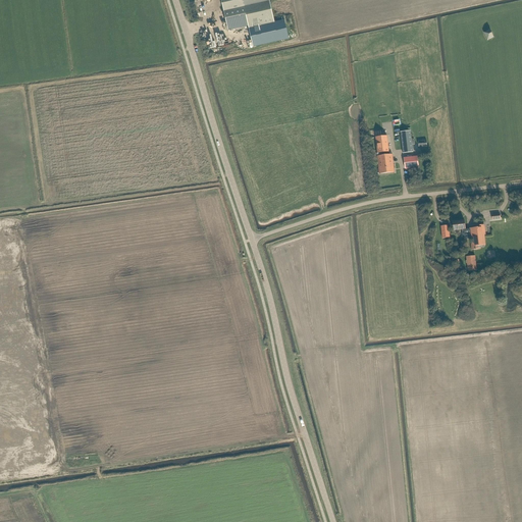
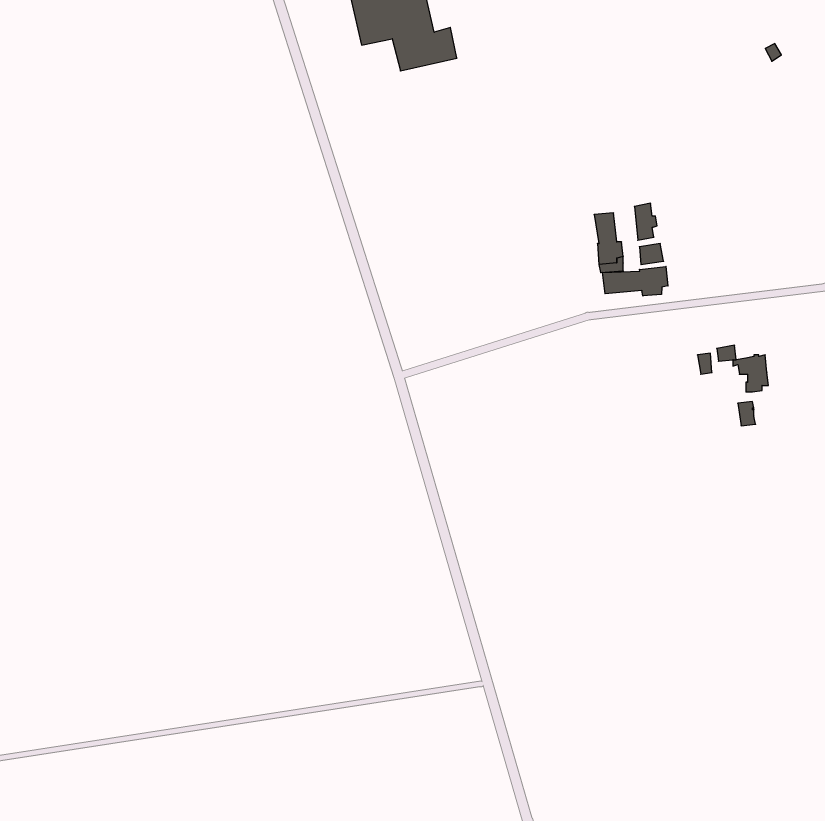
building: none -> [603,266,668,296]

